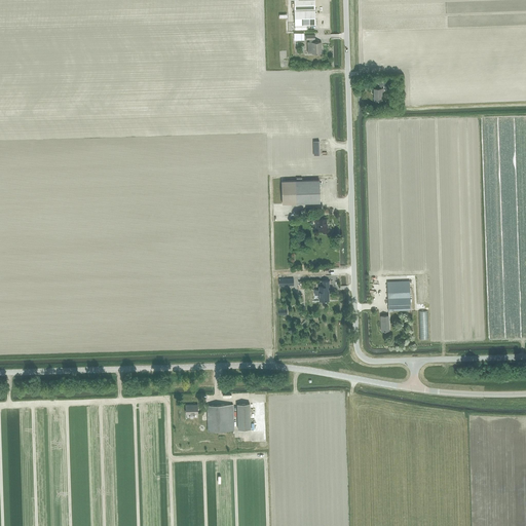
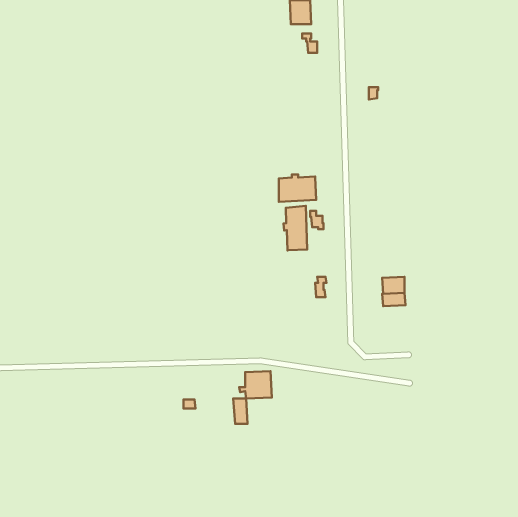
building: none -> [284,206,307,250]
building: [201,405,234,433] -> [239,371,272,398]

